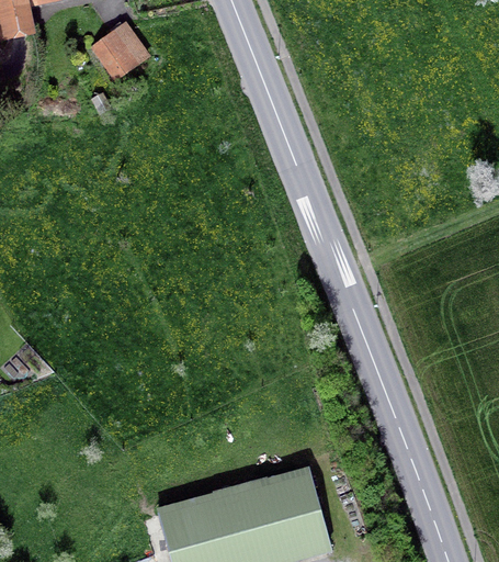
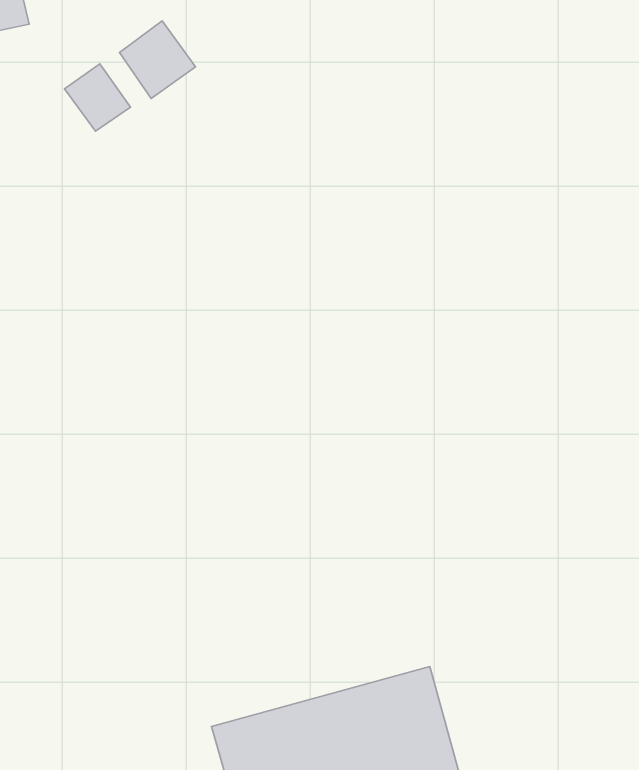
building: none -> [65,64,131,131]

